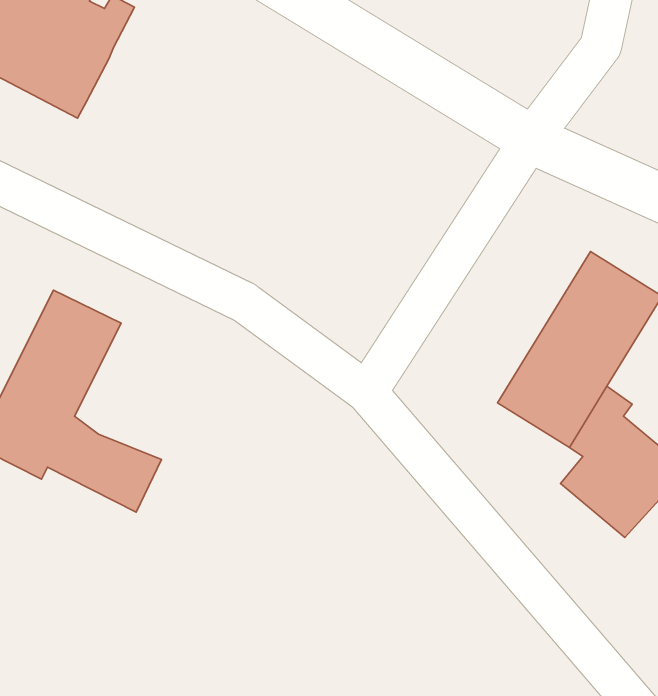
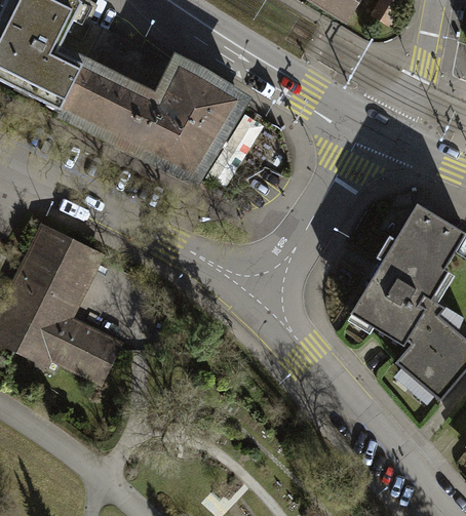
building: none -> [63,35,243,177]

